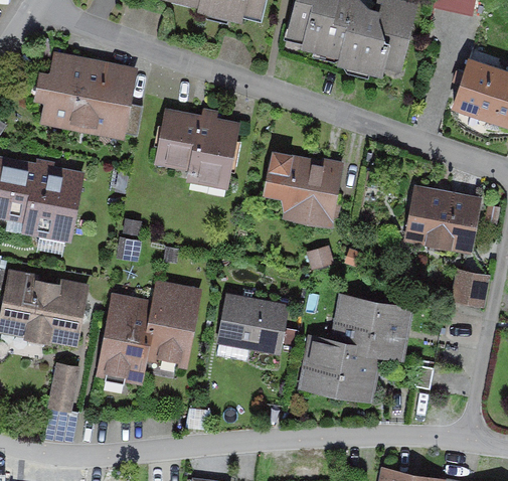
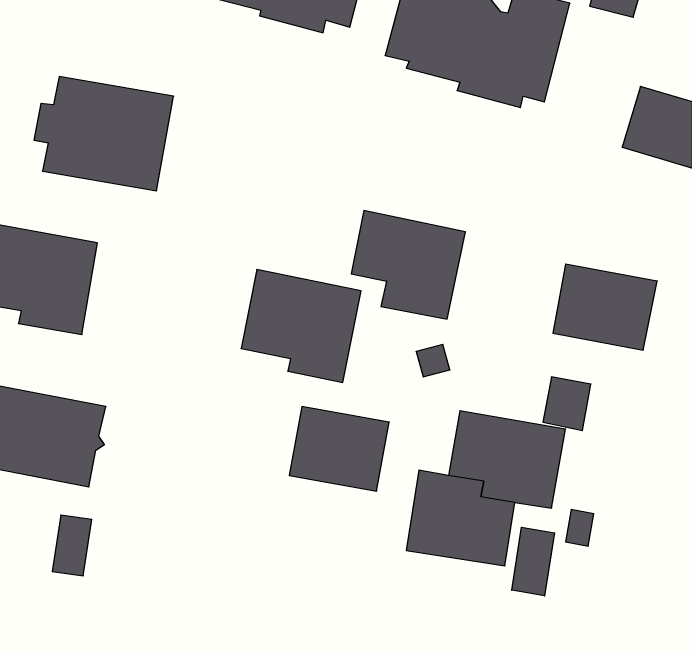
building: [154,109,239,189] -> [241,270,361,382]
building: [454,271,488,309] -> [543,377,591,431]
building: [96,282,199,384] -> none
building: none -> [512,527,555,596]

